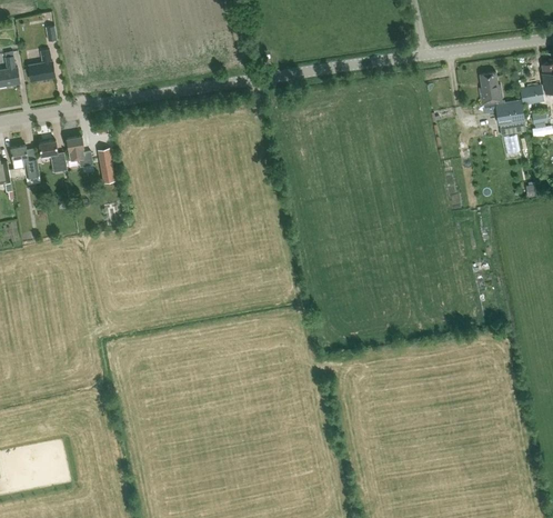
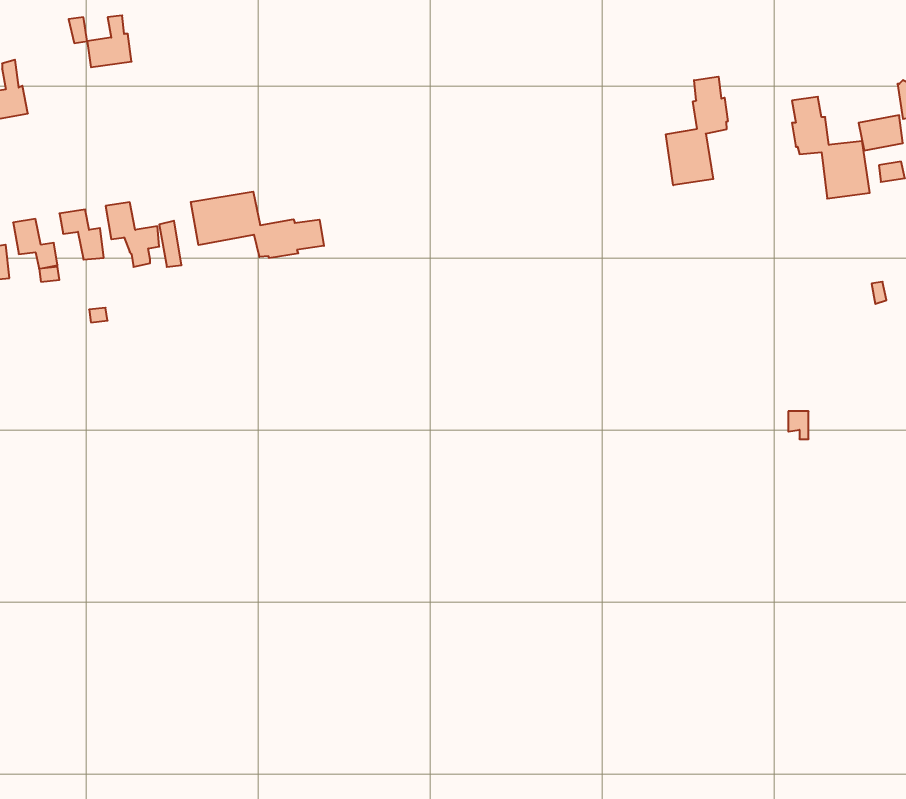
building: [28,49,54,80] -> [87,15,132,67]
building: none -> [666,77,728,185]
building: none -> [191,192,324,258]

